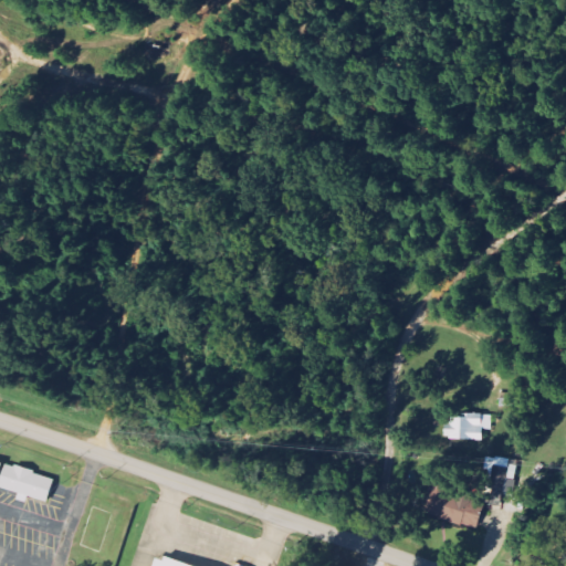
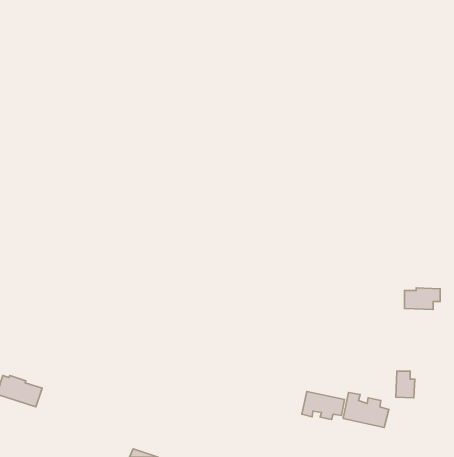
building: [446,415,490,441] -> [404,288,440,309]
building: none -> [302,391,345,420]

